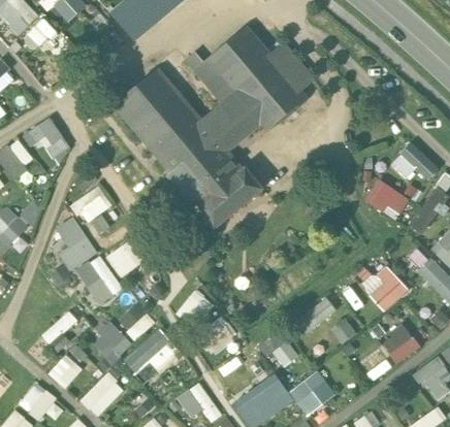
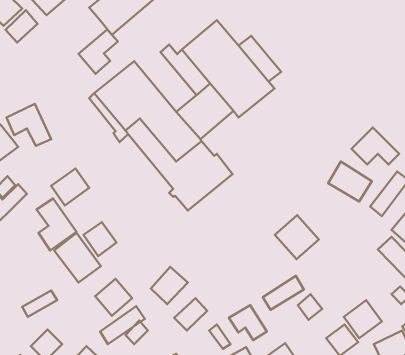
building: none -> [79,30,118,74]
building: [362,264,409,310] -> [275,215,319,259]
building: [91,322,132,363] -> none

